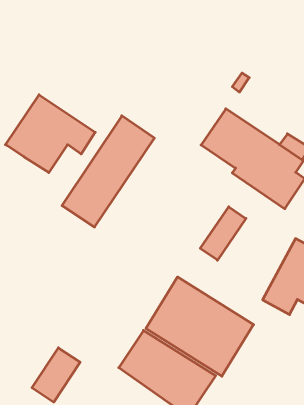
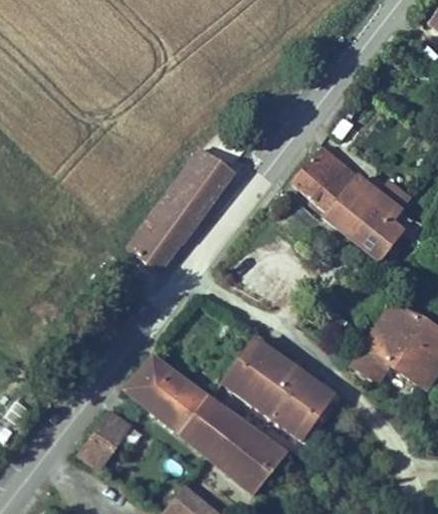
building: [5,95,95,173] -> none
building: [200,207,246,260] -> none
building: none -> [123,353,210,435]

